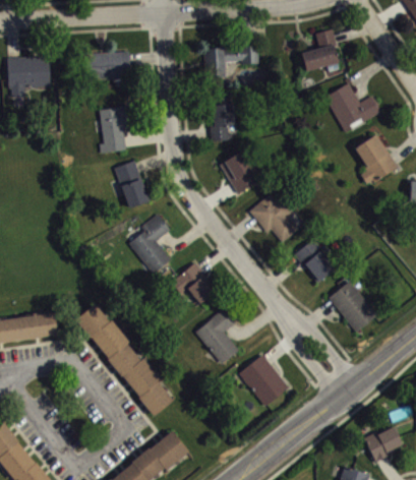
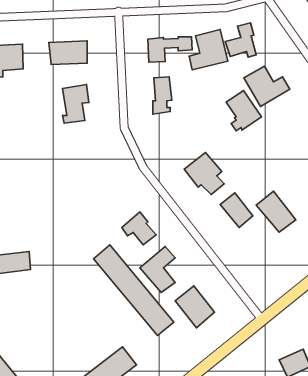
building: none -> [189,30,228,70]
building: [354,134,398,184] -> [226,91,262,131]
building: [218,151,261,194] -> none
building: [114,161,150,207] -> none
building: [128,214,170,275] -> none
building: [328,281,376,332] -> [256,191,296,232]
building: [75,304,175,416] -> [93,245,174,335]

